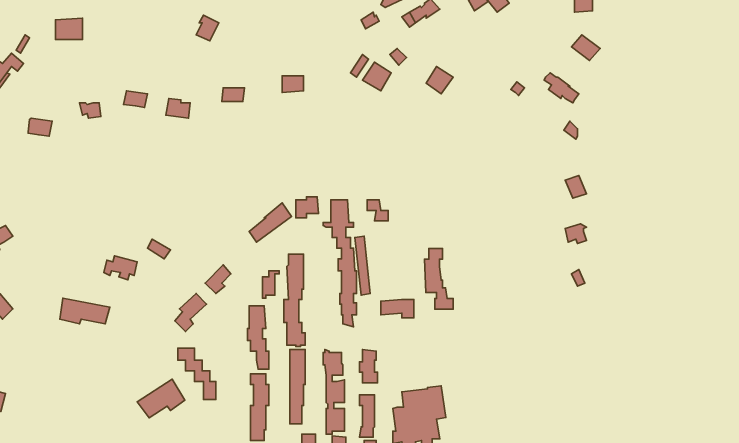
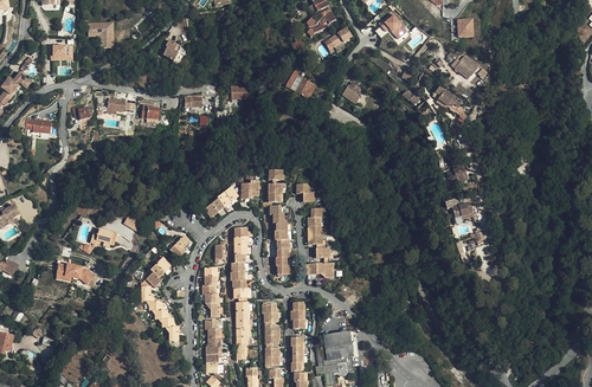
building: [424,249,453,309] -> [307,209,329,257]
building: [137,379,185,418] -> none

